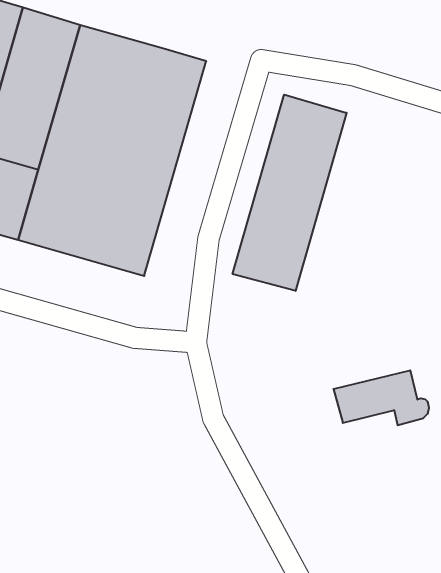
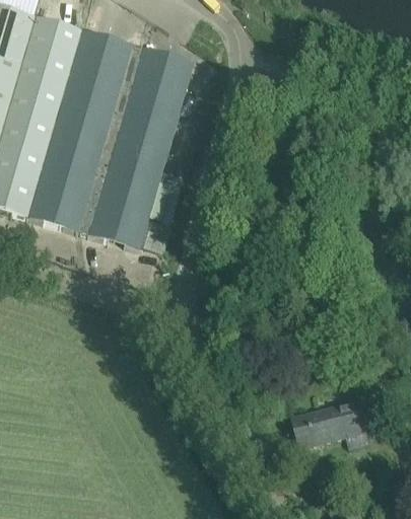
building: [233,95,347,291] -> none
building: [333,370,429,425] -> [292,399,375,447]

